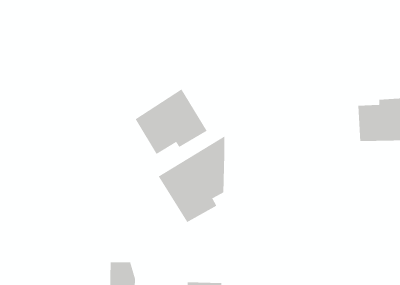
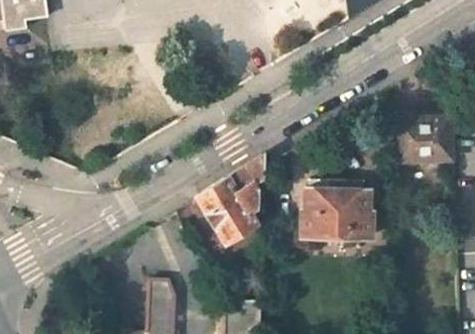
building: [135,89,208,155] -> none
building: none -> [301,182,370,238]

